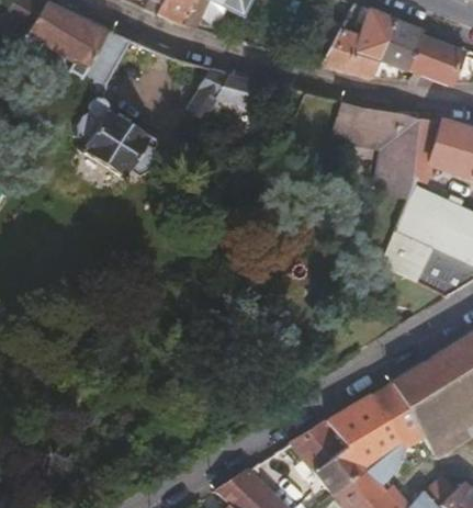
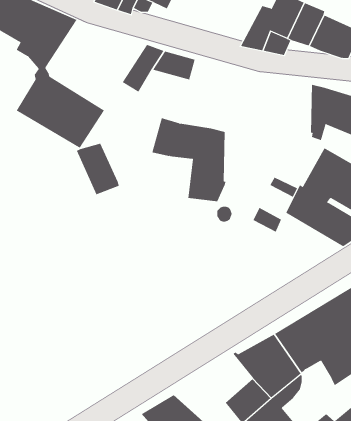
building: [324,94,410,192] -> [152,118,226,202]
building: none -> [76,143,119,195]
building: [284,424,341,481] -> none

